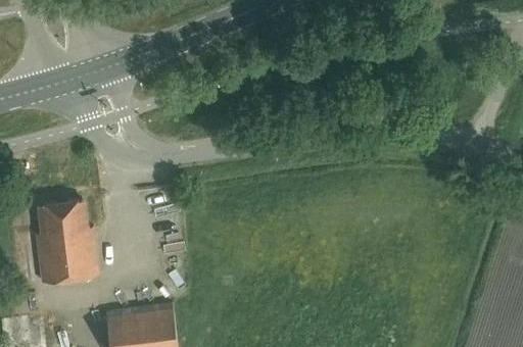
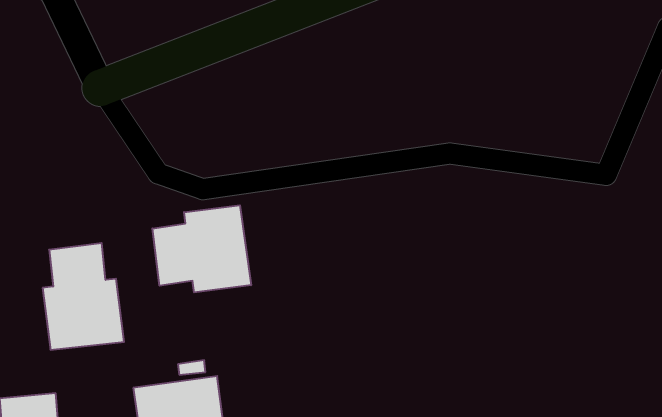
building: none -> [152,205,251,292]

